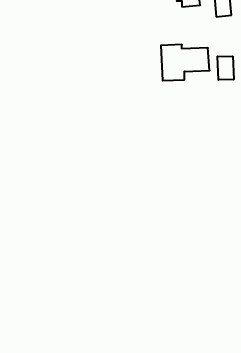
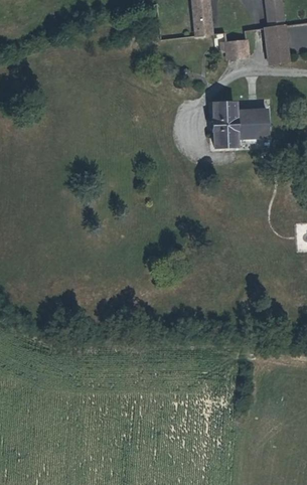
building: [217,56,234,80] -> none

